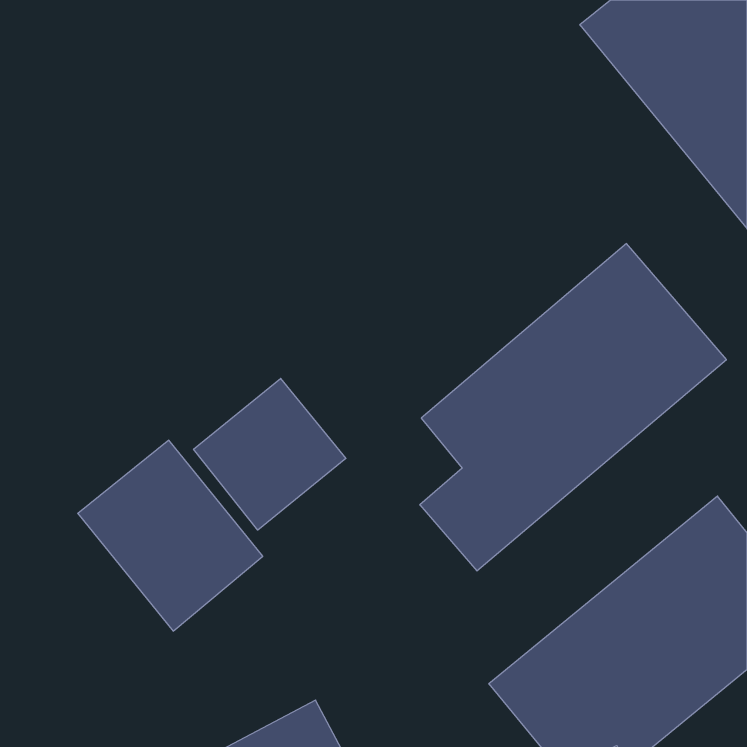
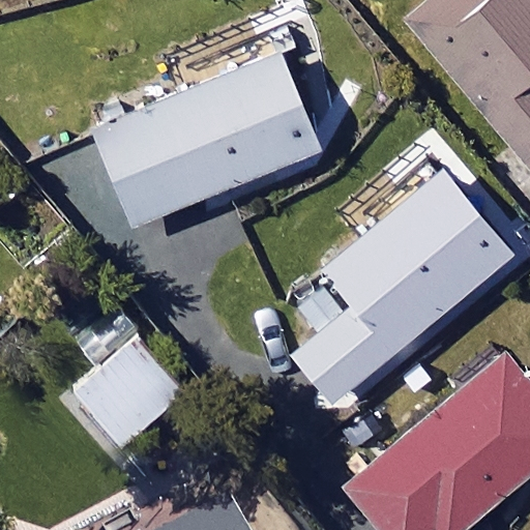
building: none -> [95,51,322,226]
building: [194,378,346,530] -> none

